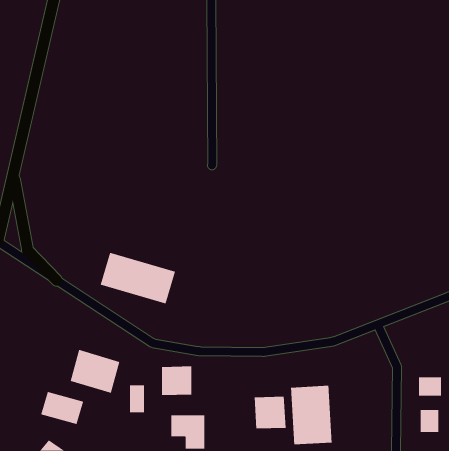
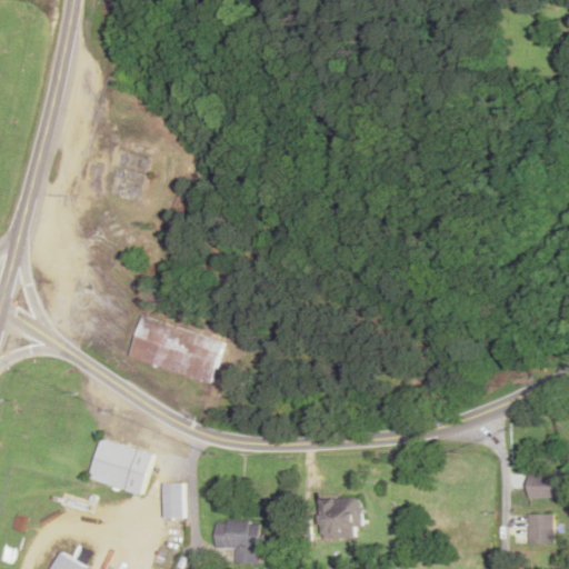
building: [161,366,192,396] -> none
building: [291,385,332,445] -> none
building: [41,391,84,425] -> none

